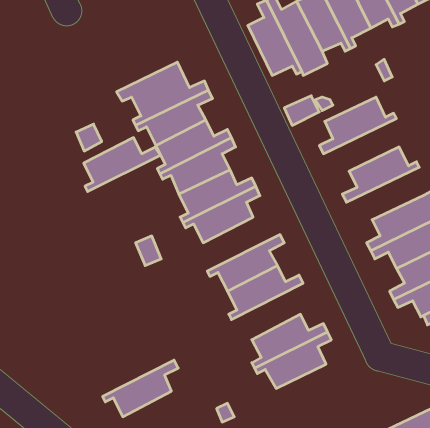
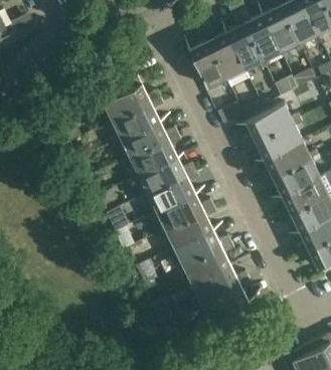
building: none -> [245,120,302,159]
building: [84,138,161,192] -> [156,193,213,233]
building: none -> [263,156,320,195]
building: [103,360,178,417] -> [177,242,233,285]

